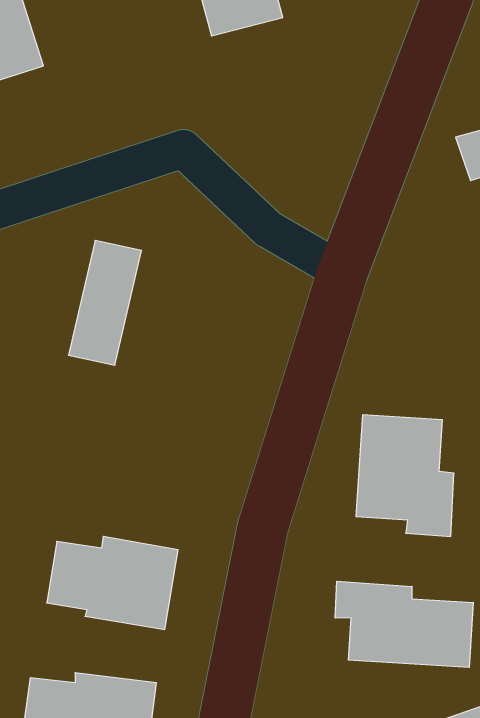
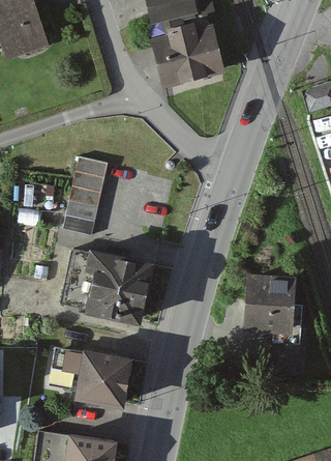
building: none -> [151,32,224,97]
building: none -> [61,240,152,316]
building: [335,581,473,667] -> none

